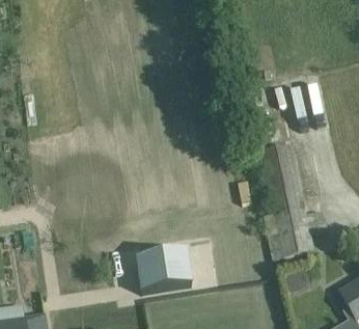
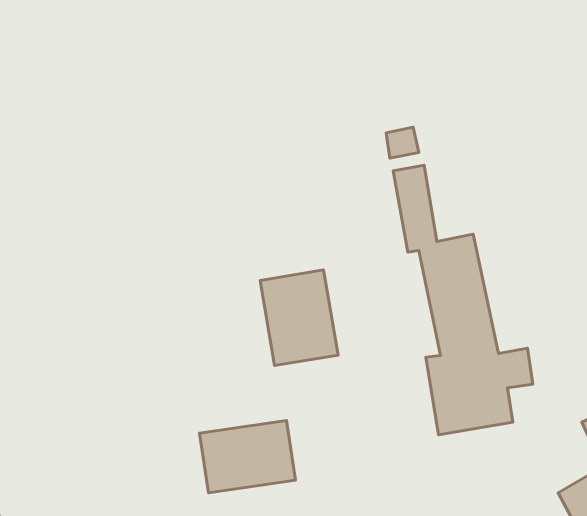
building: none -> [260,270,338,366]

